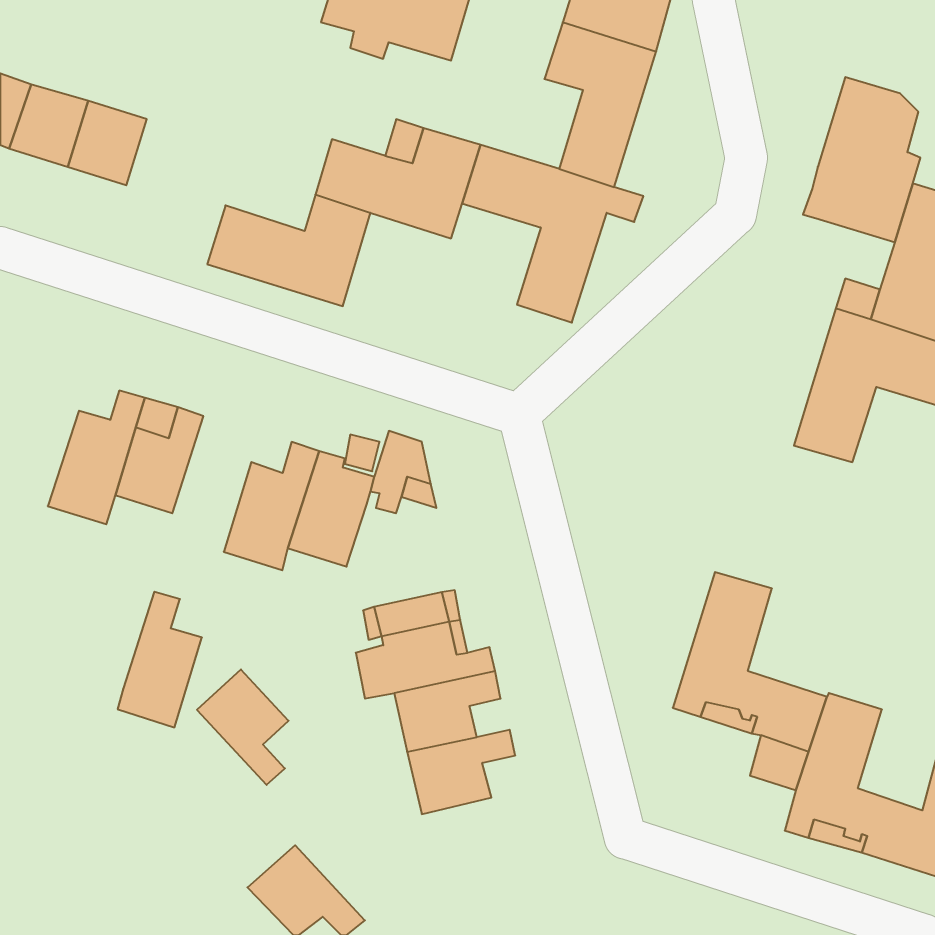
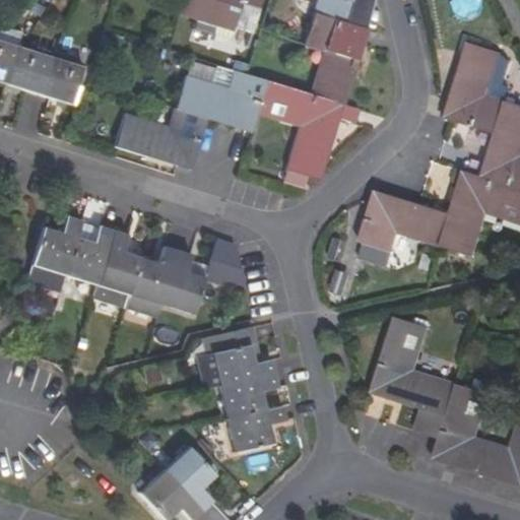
building: none -> [361,191,451,265]
building: [118,592,202,727] -> [93,231,140,306]
building: [197,669,289,785] -> [165,446,215,510]

